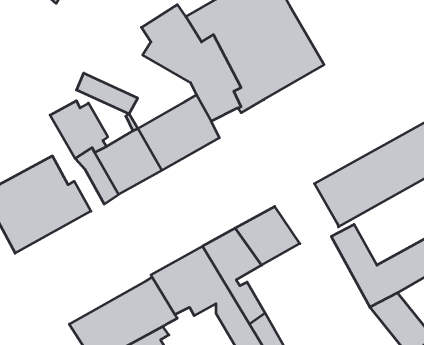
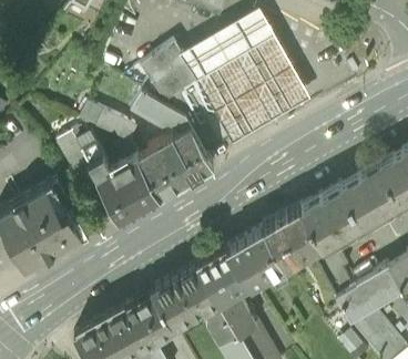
building: none -> [131,88,193,131]
building: none -> [265,206,323,261]

